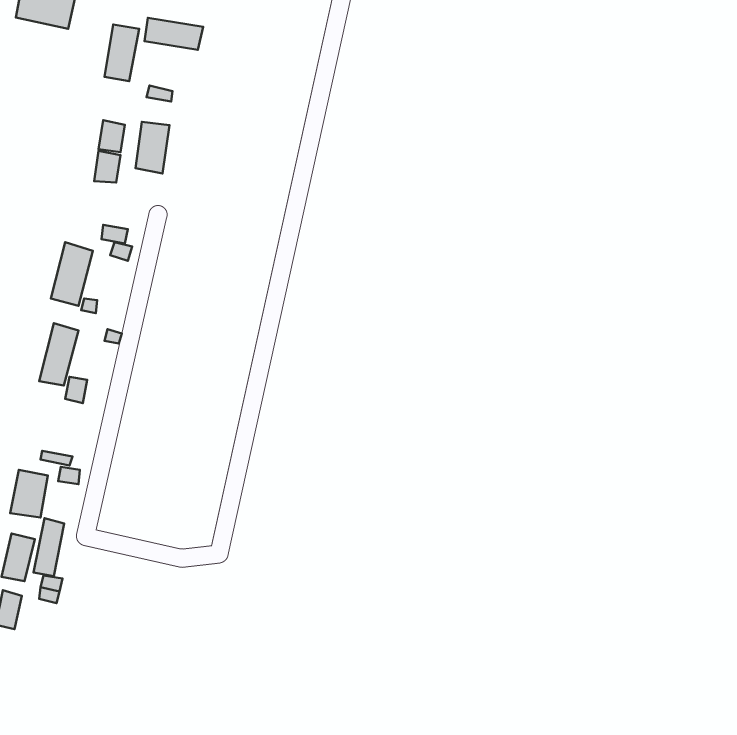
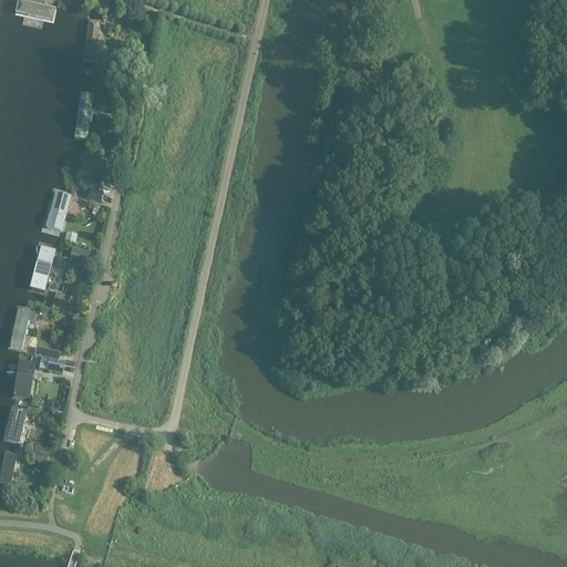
building: [145,18,203,50] -> none
building: [136,122,170,174] -> none
building: none -> [8,307,31,349]
building: [33,518,64,576] -> none

